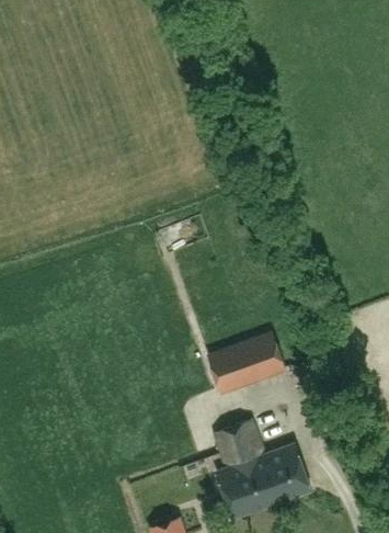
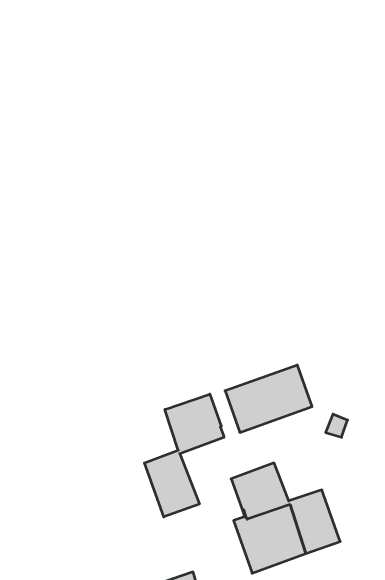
building: none -> [144,394,224,517]

